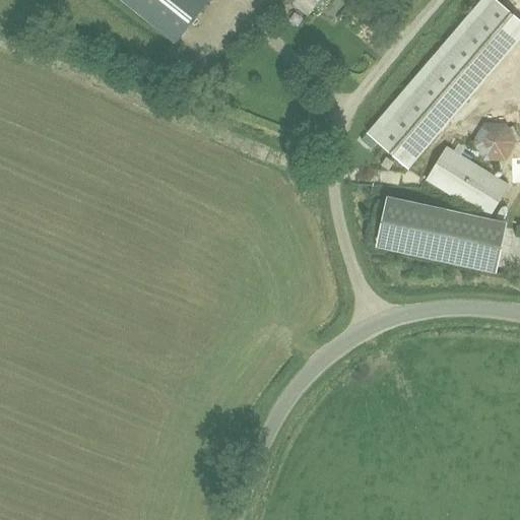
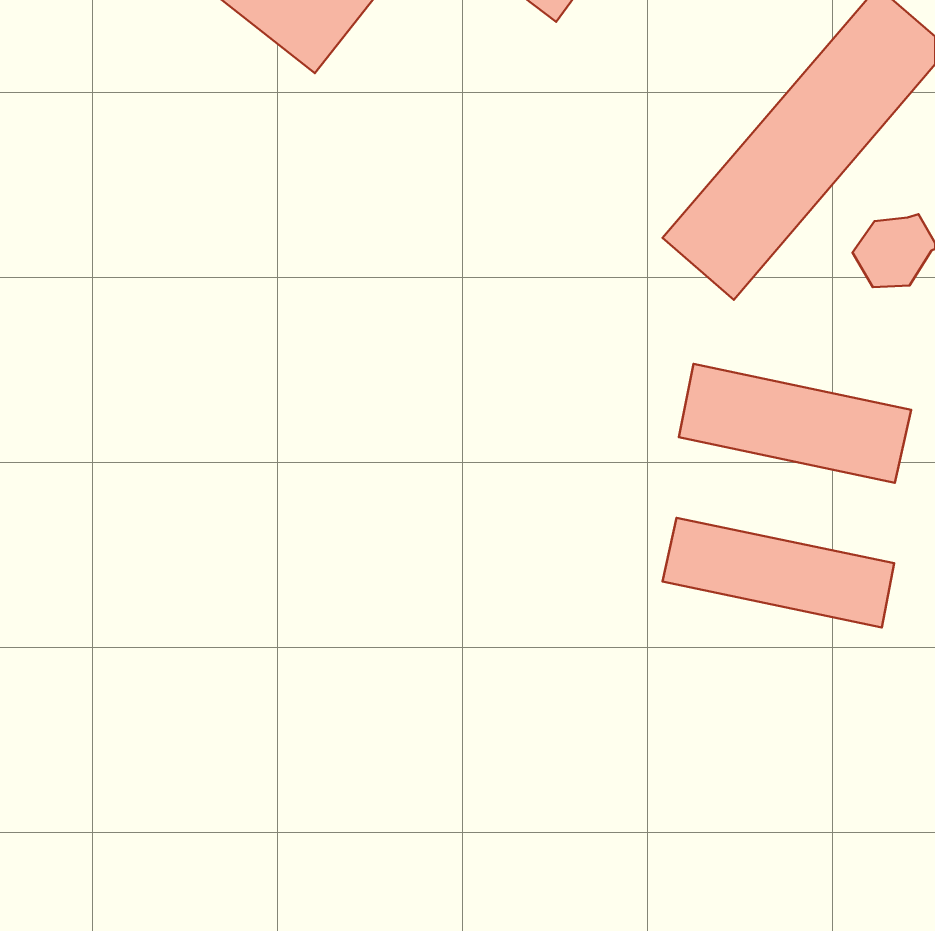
building: [427,145,509,217] -> none
building: none -> [663,518,894,627]

